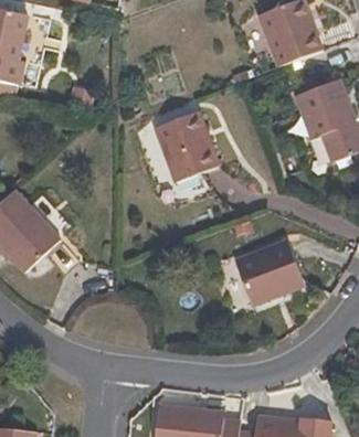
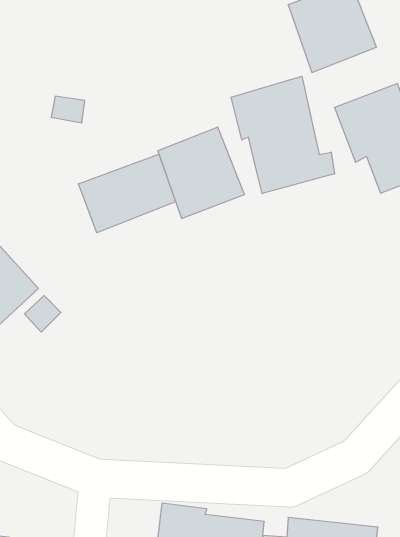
building: none -> [231,76,335,194]
building: none -> [78,154,176,233]
building: [233,236,305,306] -> none

